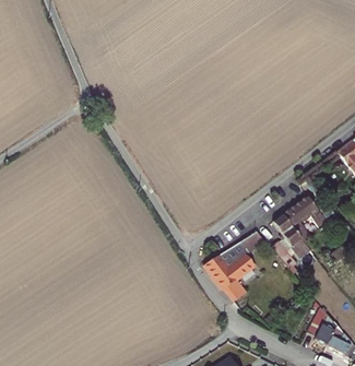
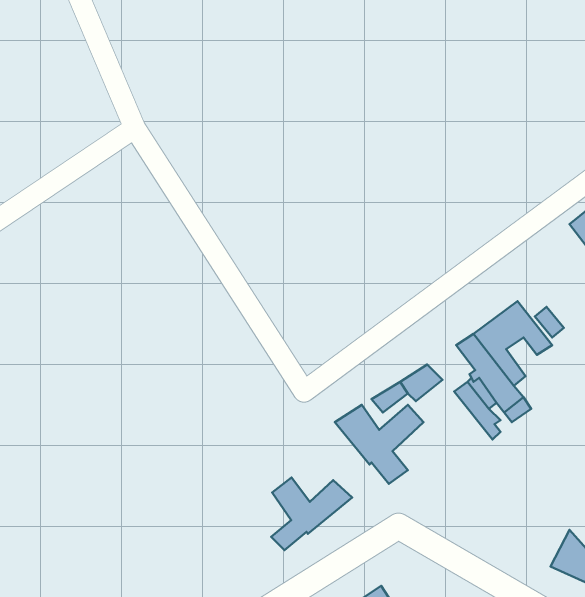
building: none -> [271,478,352,550]
building: [307,308,336,345] -> none

